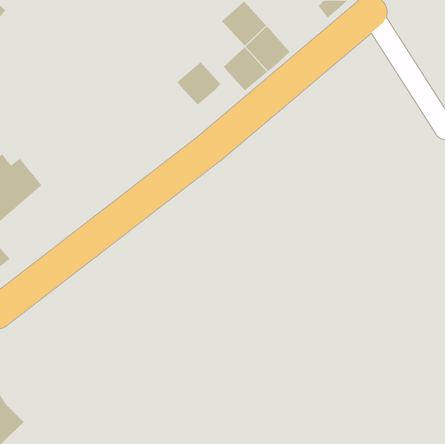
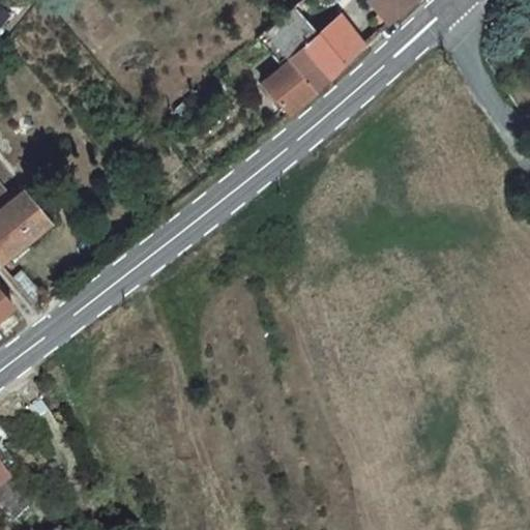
building: none -> [321,22,365,66]
building: [176,61,221,105] -> none

